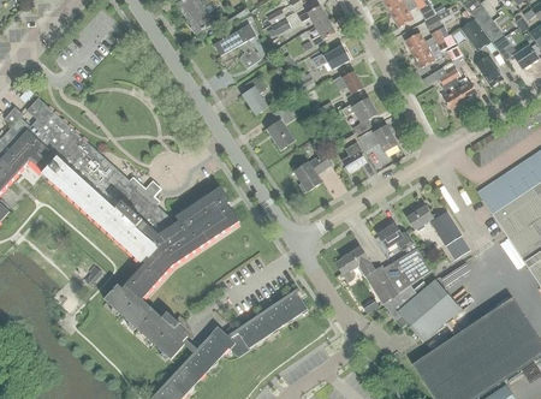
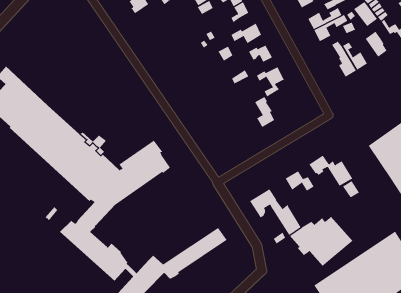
building: [214,23,261,67] -> none
building: [242,76,268,114] -> none
building: [266,103,297,150] -> none
building: [359,125,398,150] -> none
building: [293,153,331,192] -> none
building: [382,246,430,292] -> none

